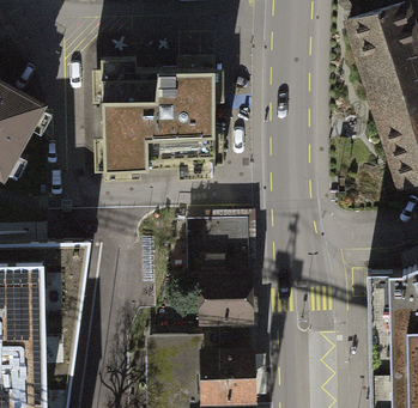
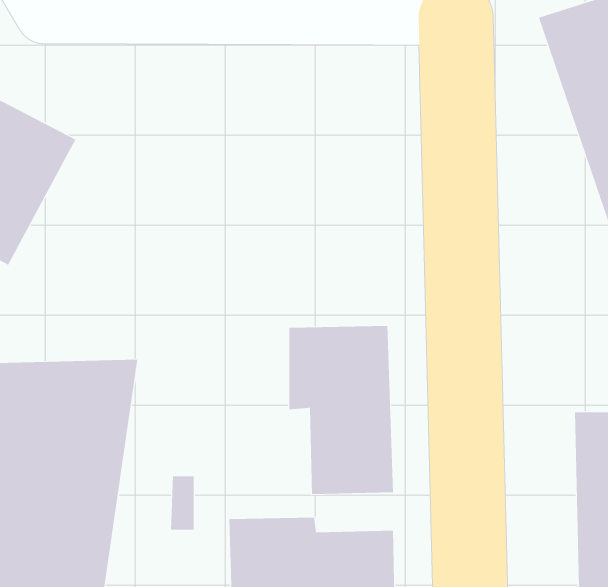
building: [99,67,213,166] -> none

